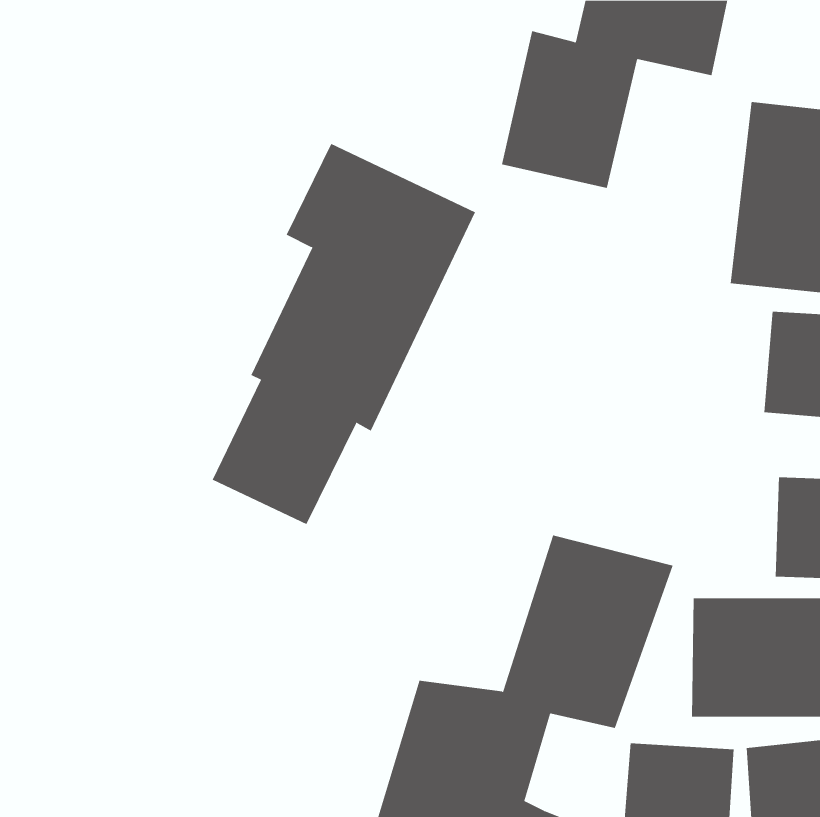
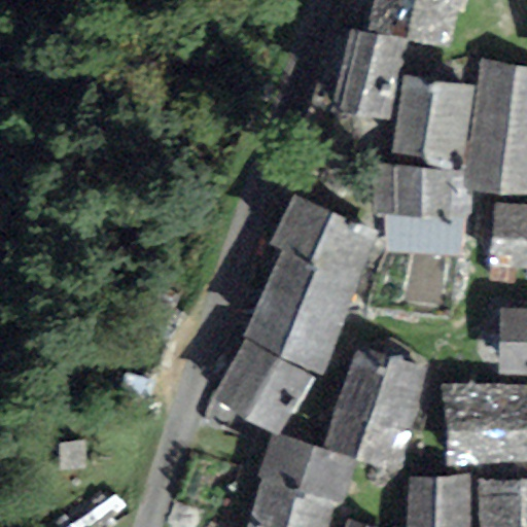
building: none -> [393,74,473,161]
building: [212,143,476,525] -> [217,186,386,430]
building: none -> [373,167,456,217]

